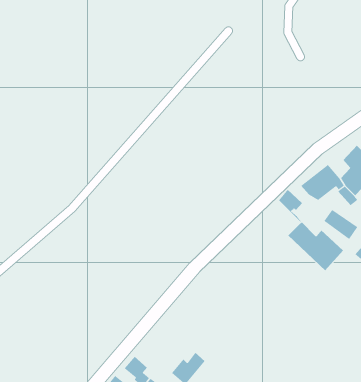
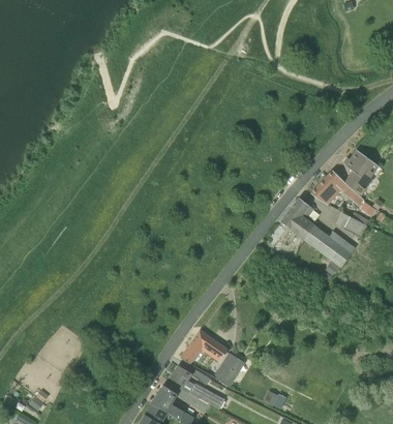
building: none -> [280,208,313,239]
building: none -> [179,331,228,365]

